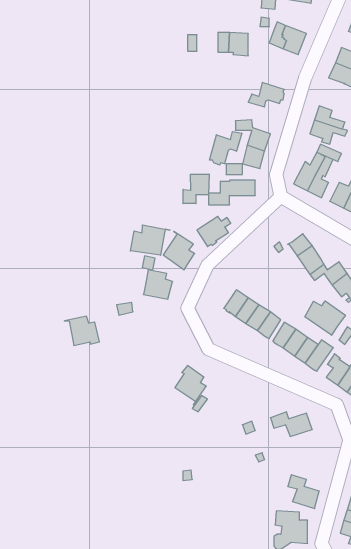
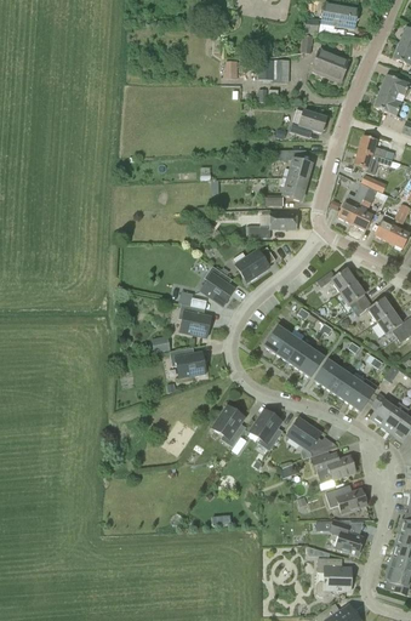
building: [210,132,242,165] -> none
building: [183,174,209,204] -> none
building: [130,225,170,255] -> none
building: [305,301,345,335] -> none
building: [64,316,99,345] -> [169,347,205,377]
building: none -> [250,410,282,451]
building: none -> [287,418,337,454]
building: none -> [325,486,366,513]

